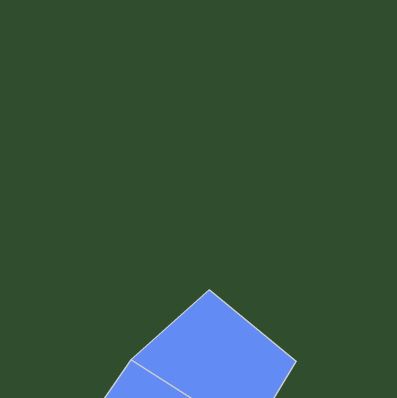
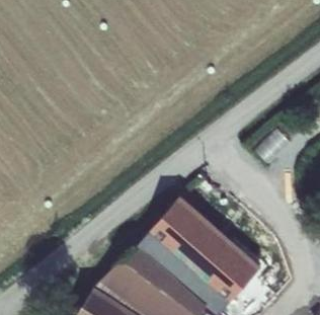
building: none -> [156,203,259,299]

